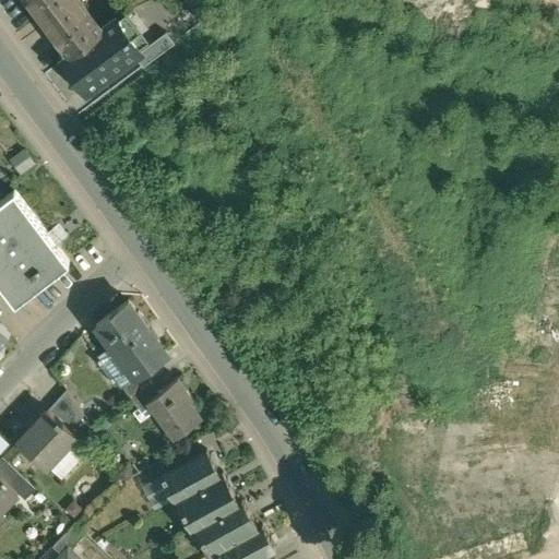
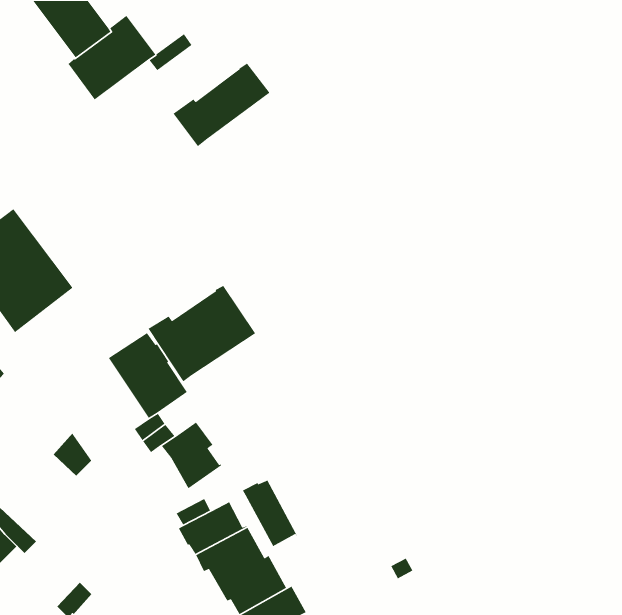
building: none -> [173,62,270,147]
building: none -> [148,285,256,382]
building: [15,414,74,472] -> none
building: none -> [242,480,299,547]

